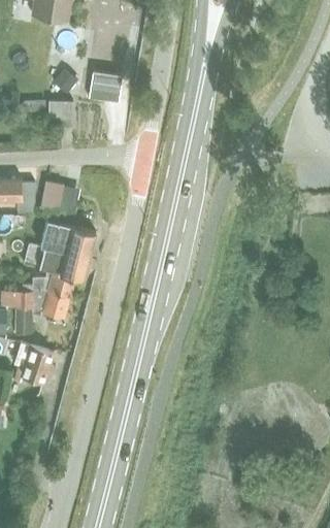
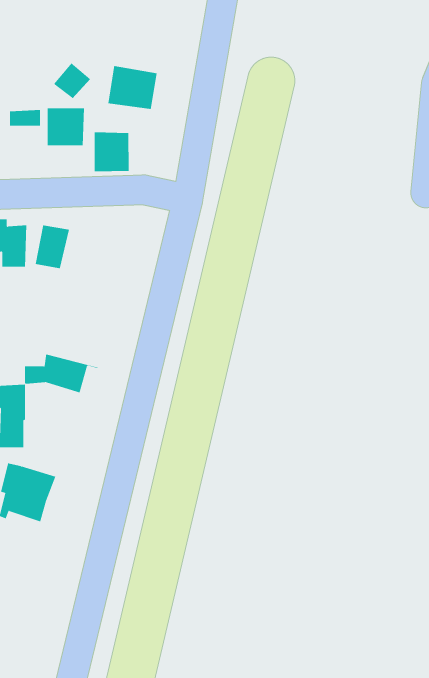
building: none -> [94,131,129,172]
building: [39,221,95,277] -> none
building: [33,288,70,317] -> none

